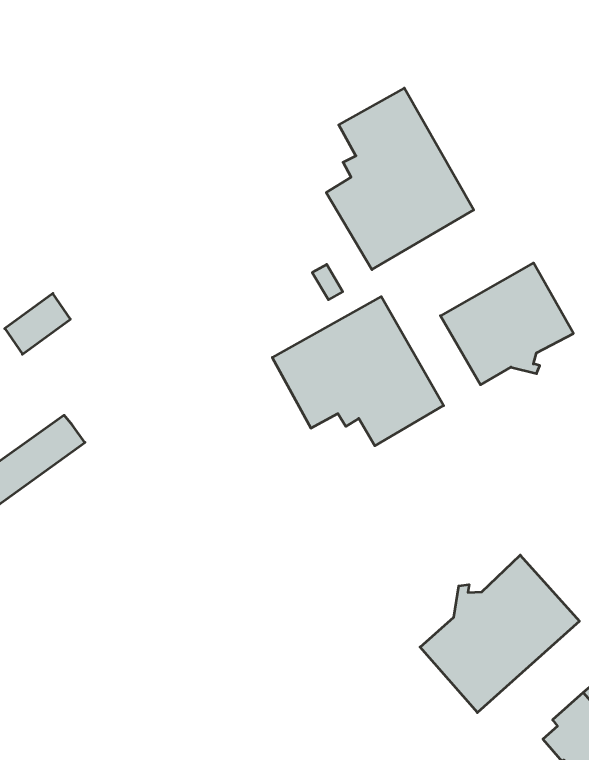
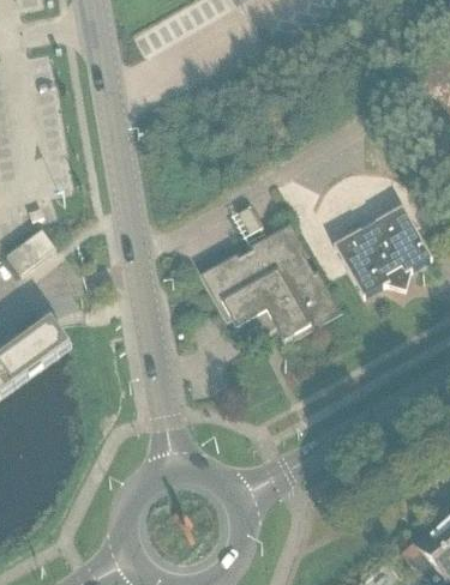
building: [326,88,474,270] -> none
building: [420,555,579,713] -> none

